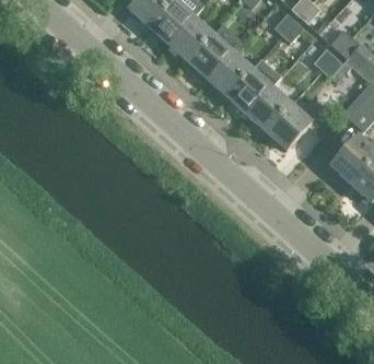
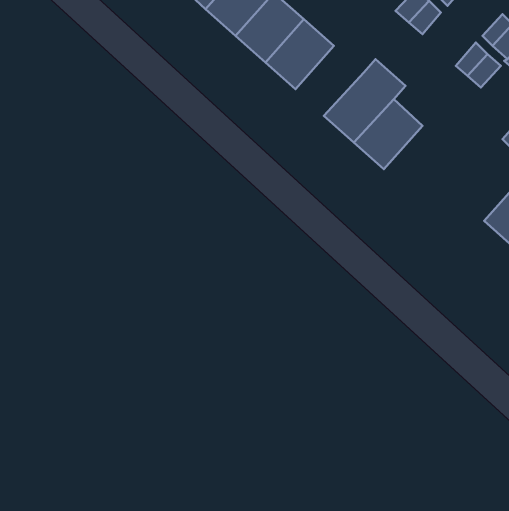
building: [208,50,253,96] -> none
building: [266,103,312,150] -> none

